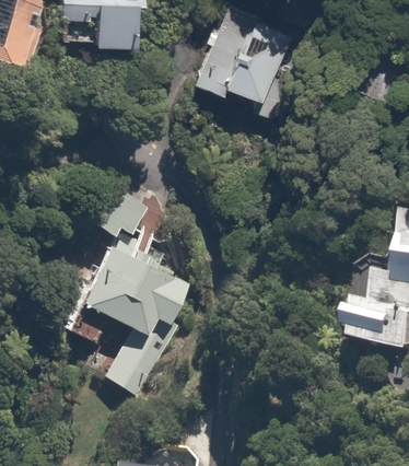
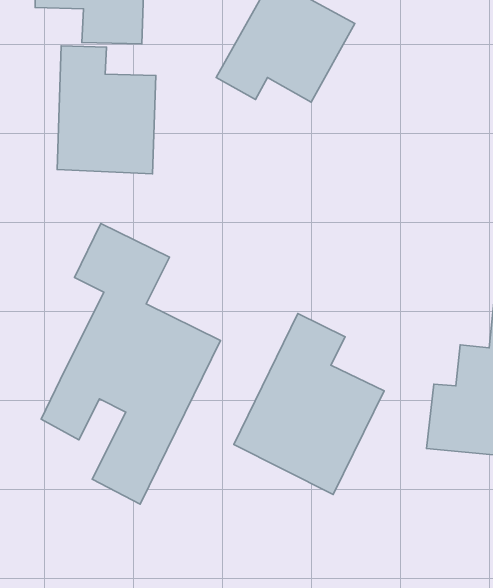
building: none -> [57,46,156,174]
building: none -> [234,314,384,495]

